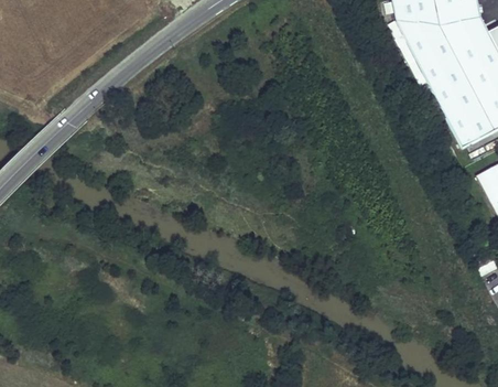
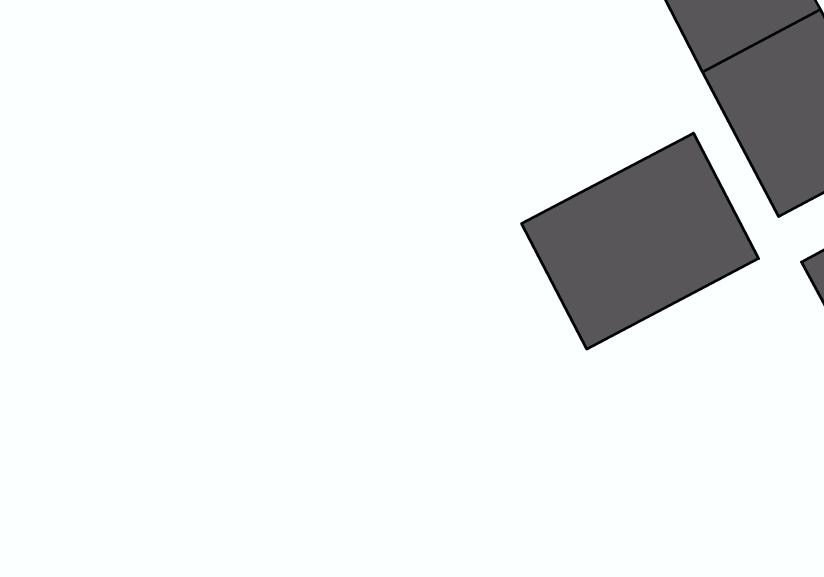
building: none -> [522,133,759,349]

